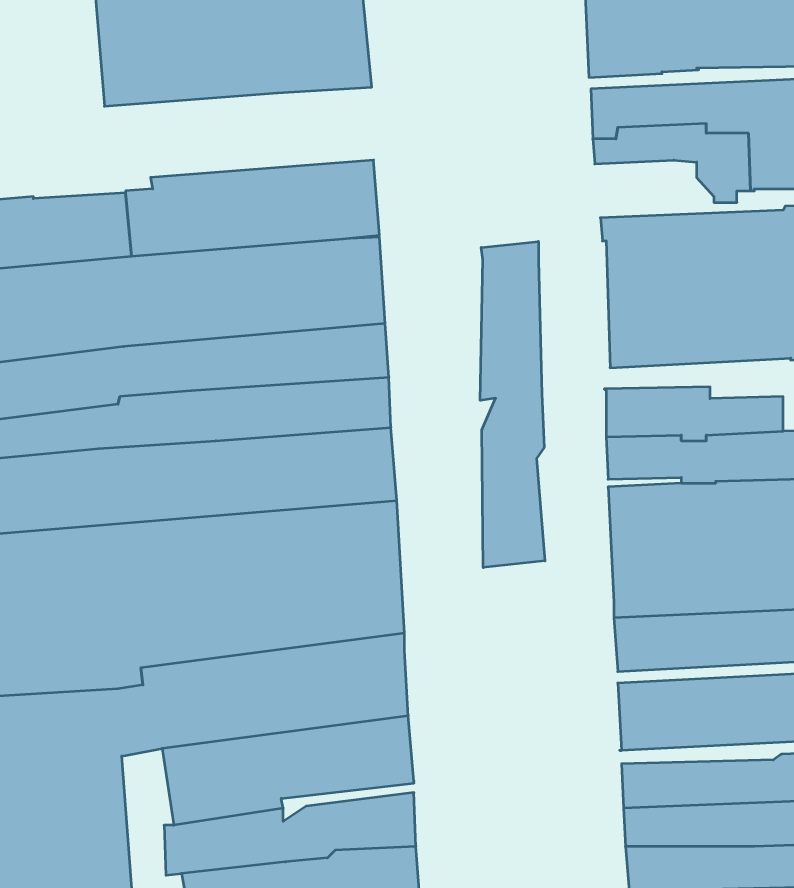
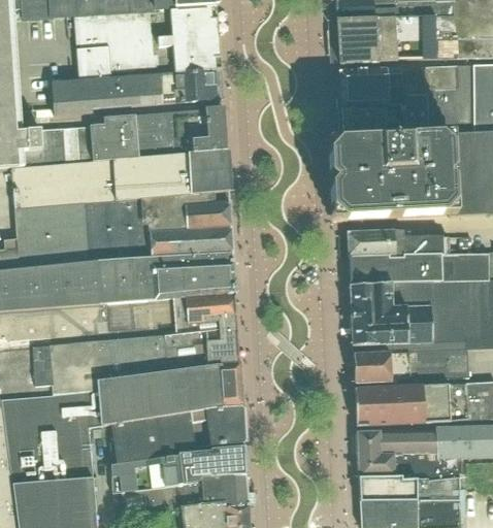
building: none -> [35,68,223,116]
building: none -> [341,107,405,137]
building: [480,241,545,568] -> none

